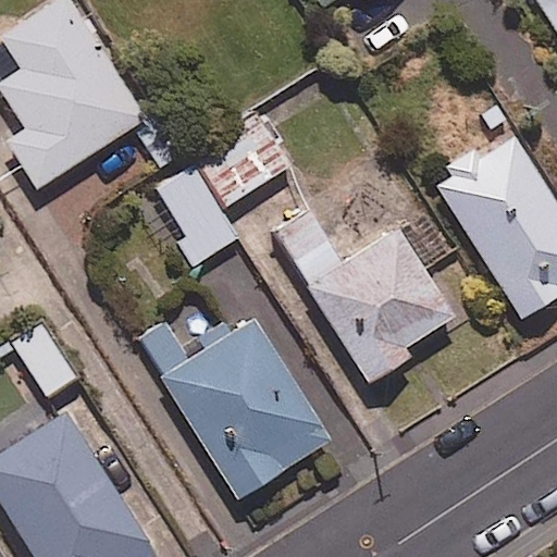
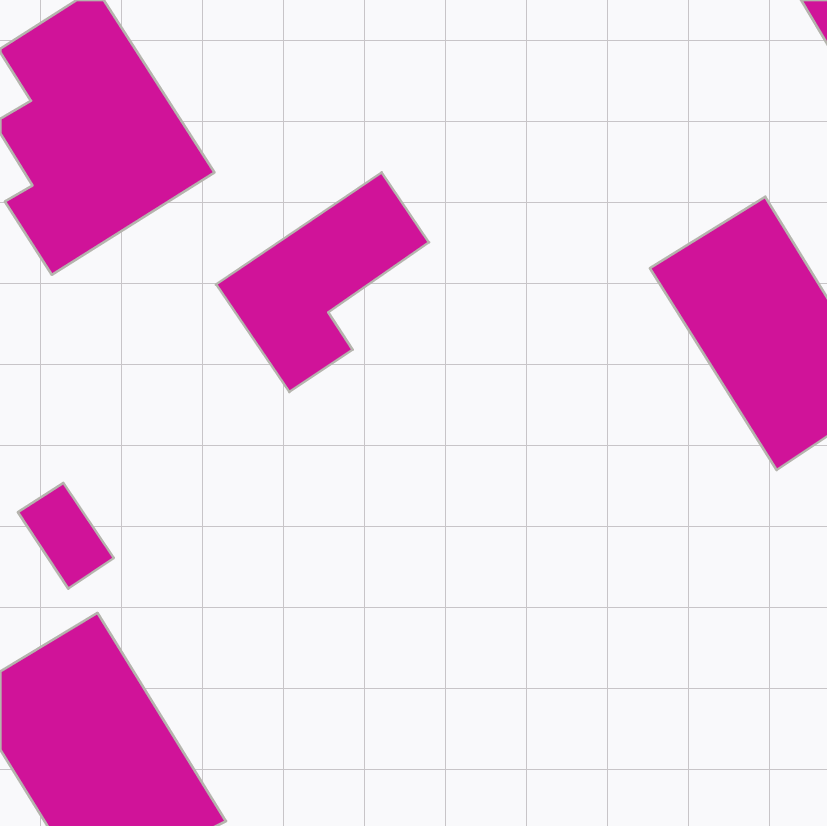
building: [273,210,455,382] -> none
building: [139,318,331,498] -> none

